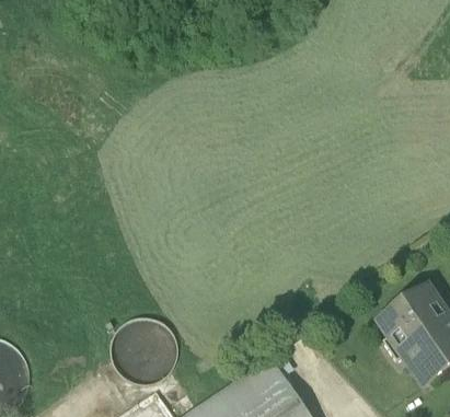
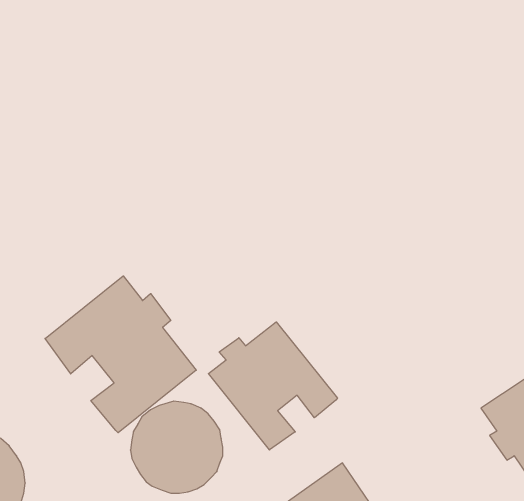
building: none -> [45,276,196,433]
building: none -> [208,322,337,450]

